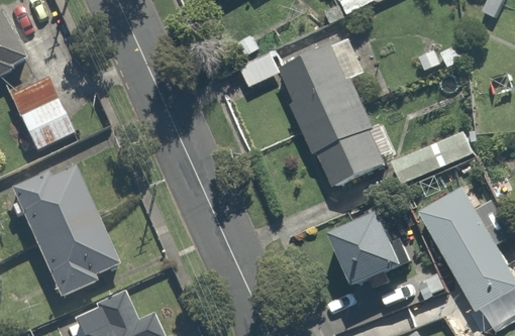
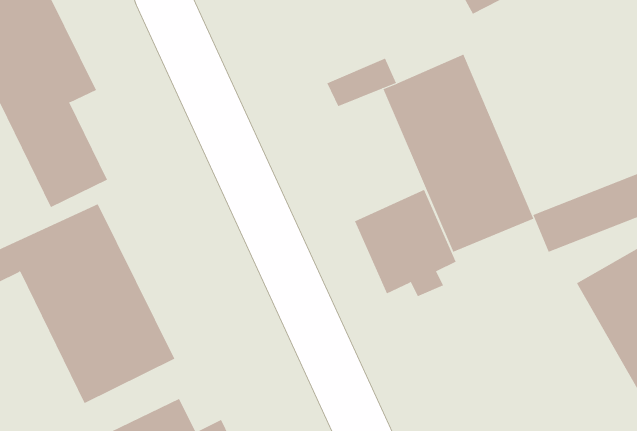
building: [325,209,399,287] -> [354,189,457,297]

